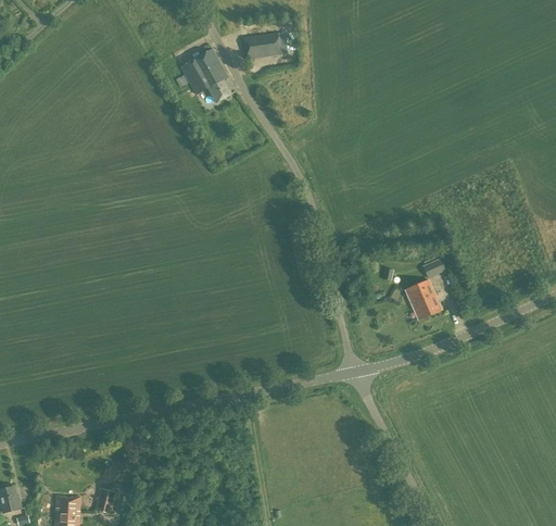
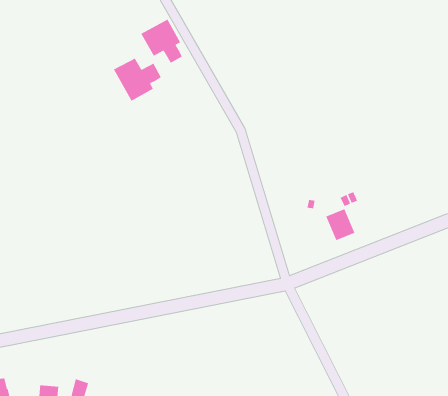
building: [241,30,288,58] -> none
building: none -> [113,57,162,102]

